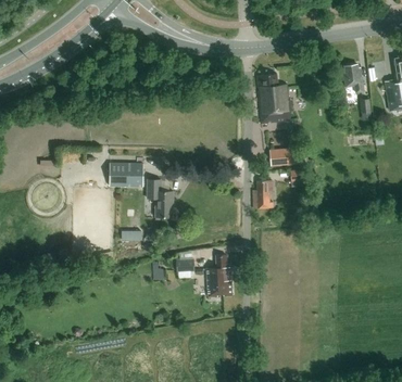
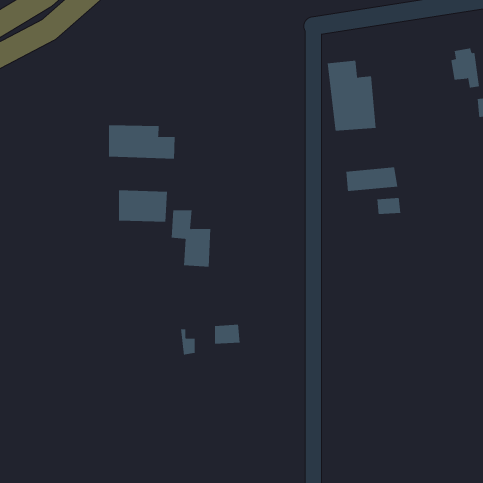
building: none -> [108,124,175,160]
building: [252,180,273,208] -> none
building: [206,255,231,296] -> none

